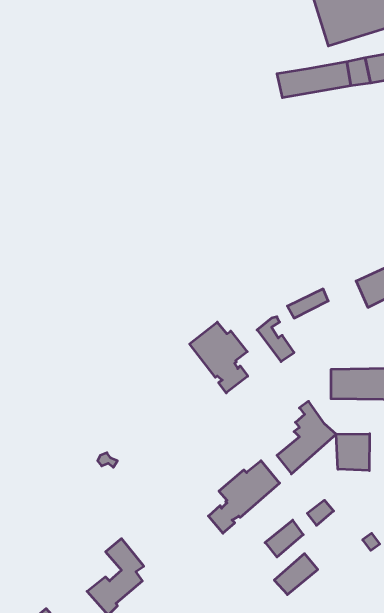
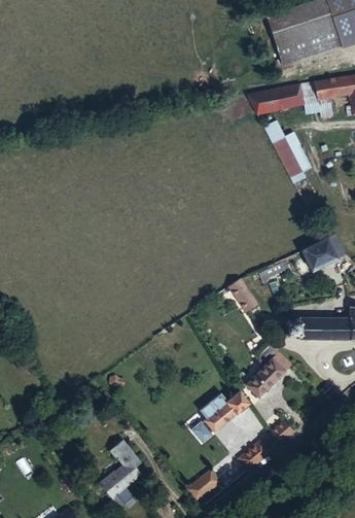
building: none -> [270,133,301,175]
building: [190,322,248,393] -> none
building: [336,434,370,471] -> none
building: [274,554,318,595] -> [186,464,220,496]

